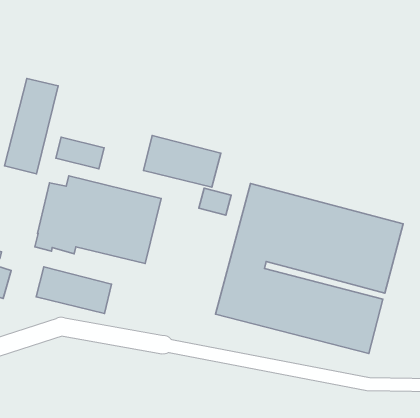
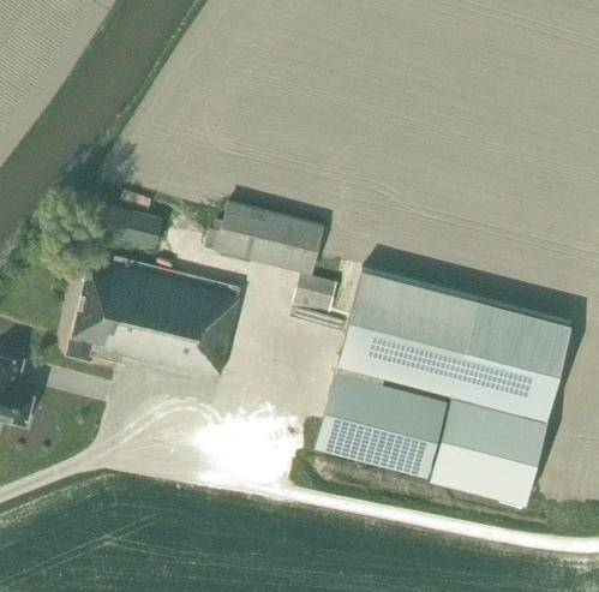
building: [5,78,58,174] -> none
building: [36,267,112,313] -> none

